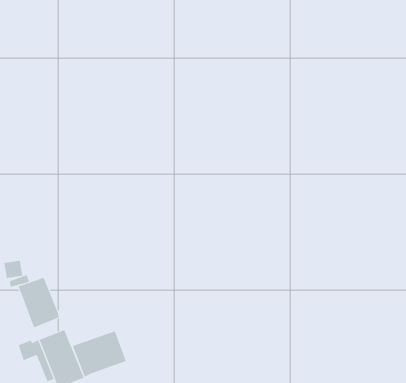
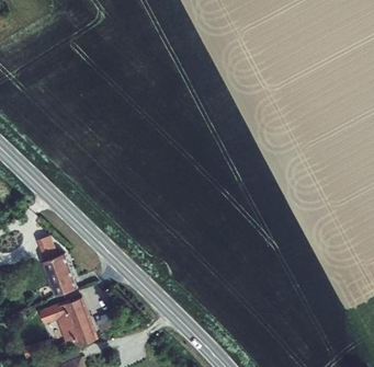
building: [72,330,127,378] -> none

